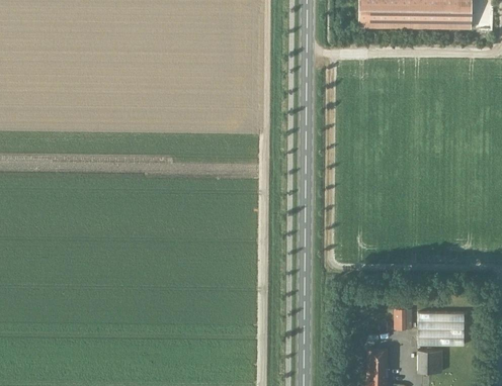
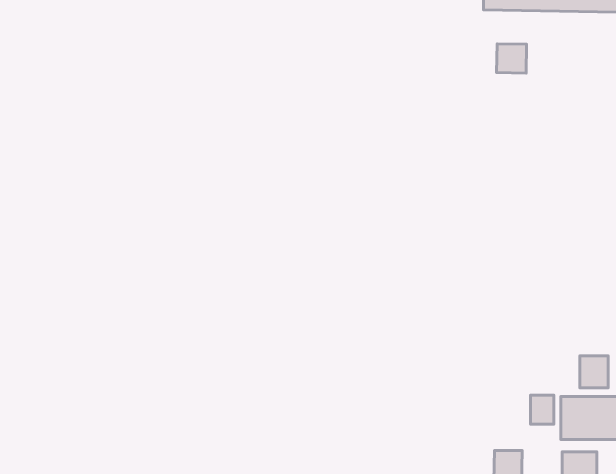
building: none -> [497,44,527,73]
building: none -> [580,356,608,388]

